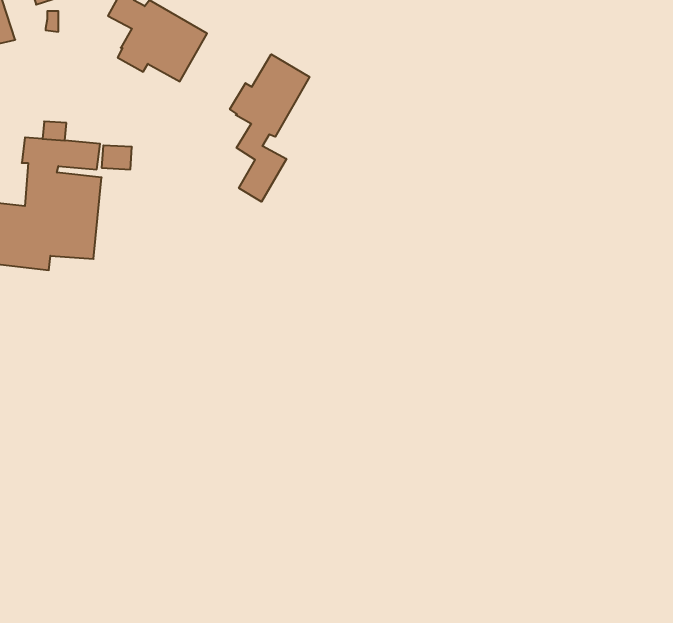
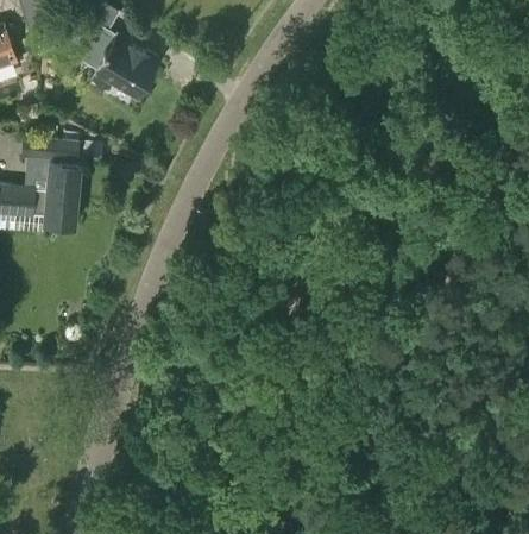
building: [230,54,309,202] -> none

